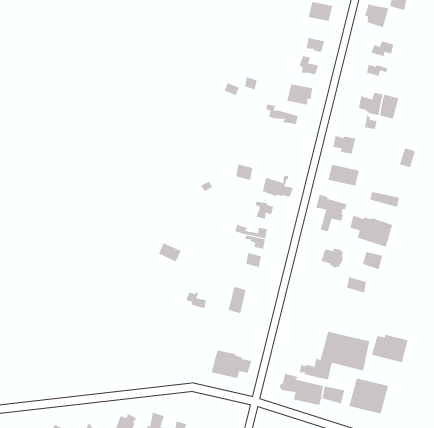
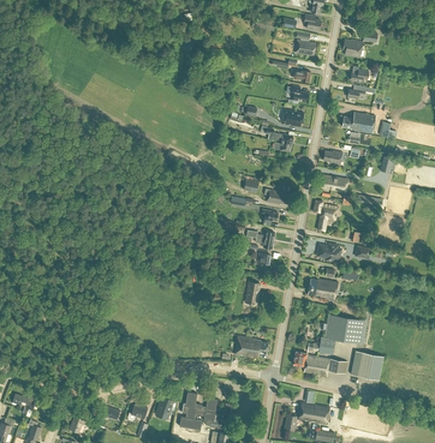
building: [350,215,393,248] -> none
building: [371,334,408,363] -> [308,277,338,300]

